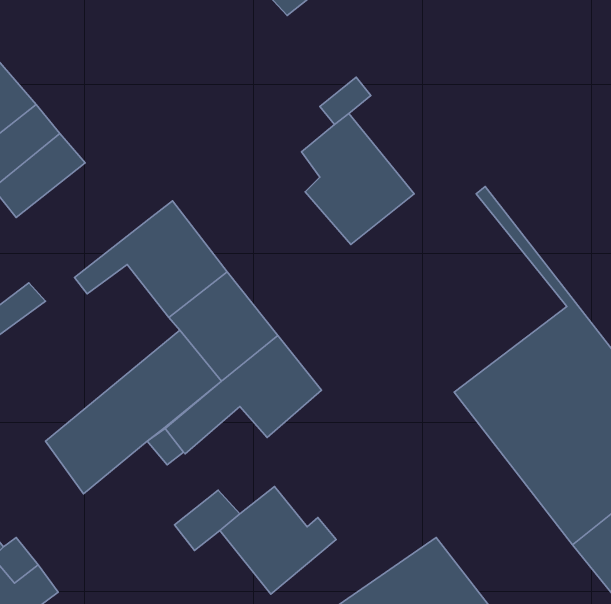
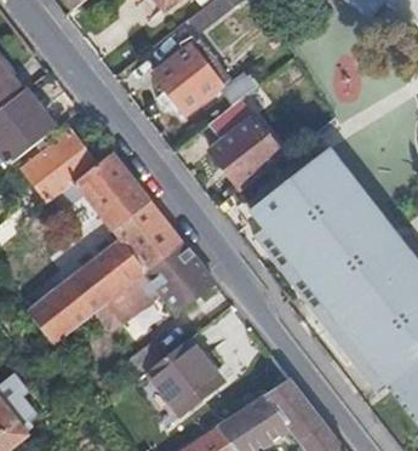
building: none -> [150,38,223,109]
building: none -> [24,131,101,205]
building: none -> [246,149,379,281]

